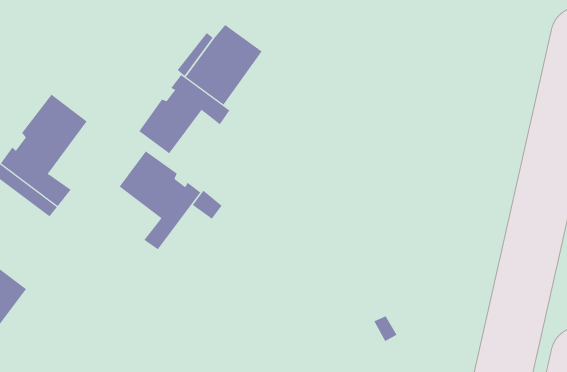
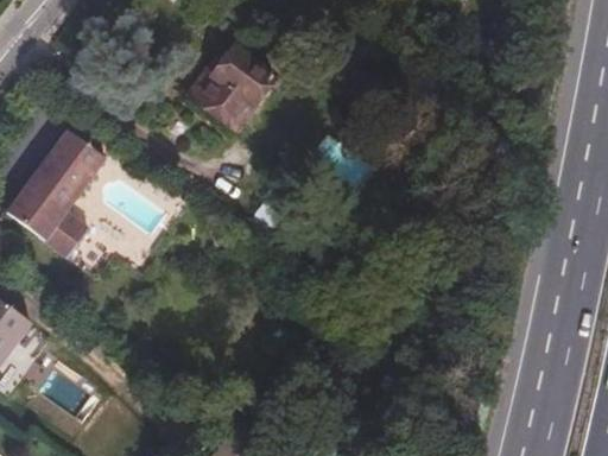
building: [138,74,230,154] -> none
building: [119,150,201,250] -> none

